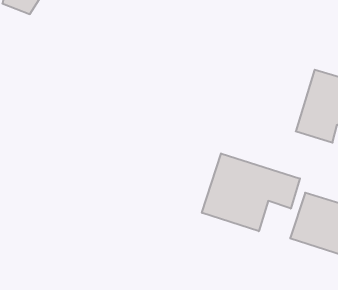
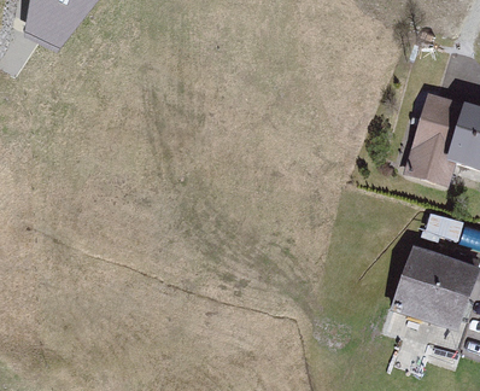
building: [202,153,300,231] -> none

